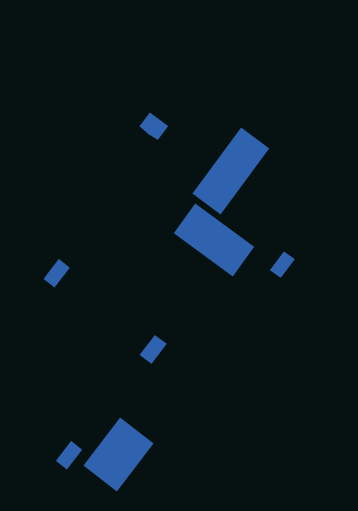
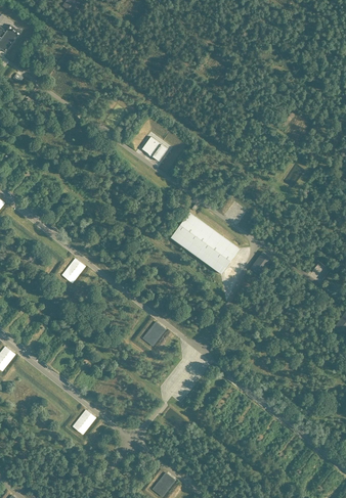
building: [192,126,270,216] -> none
building: [82,416,155,492] -> none

